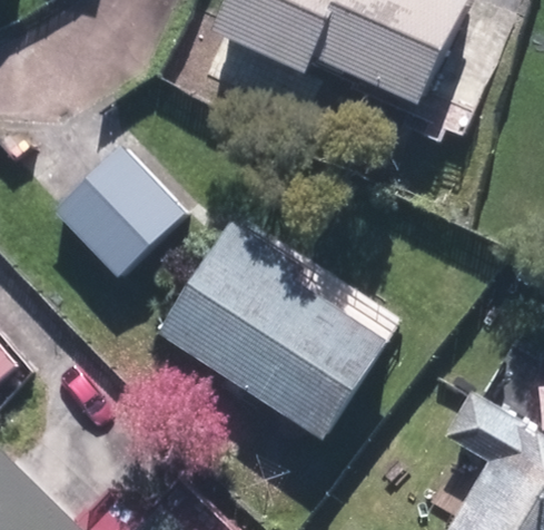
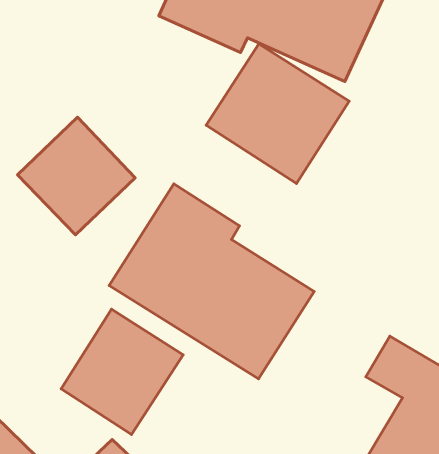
building: none -> [206,44,349,184]
building: none -> [61,309,183,435]

